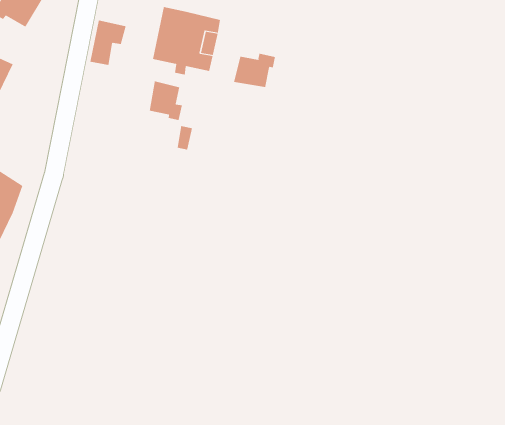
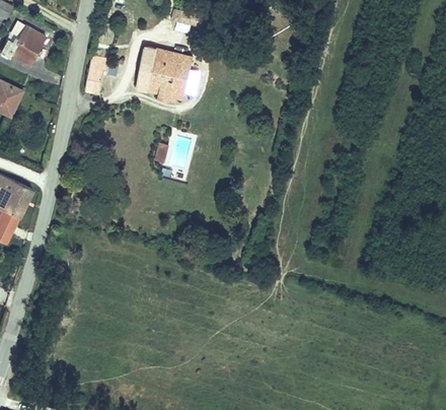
building: [233,53,276,88] -> none
building: [149,80,182,121] -> none

